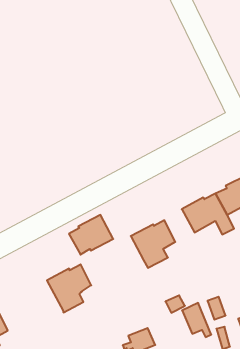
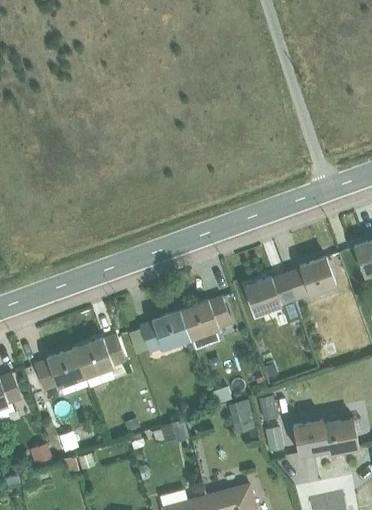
building: [69,215,113,255] -> [140,309,191,352]
building: none -> [34,347,89,394]

